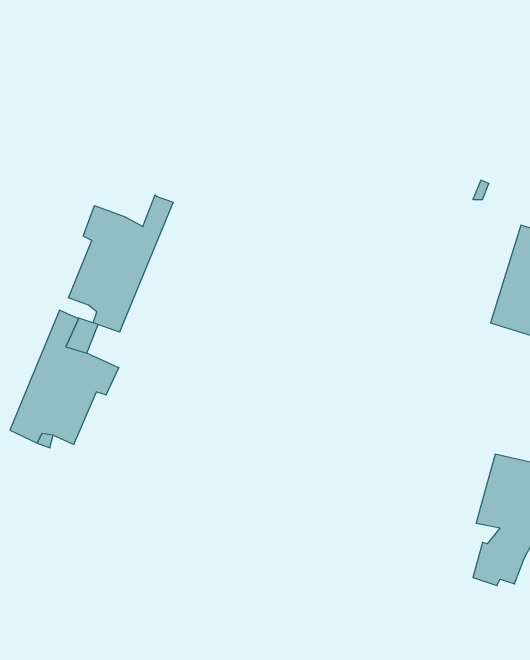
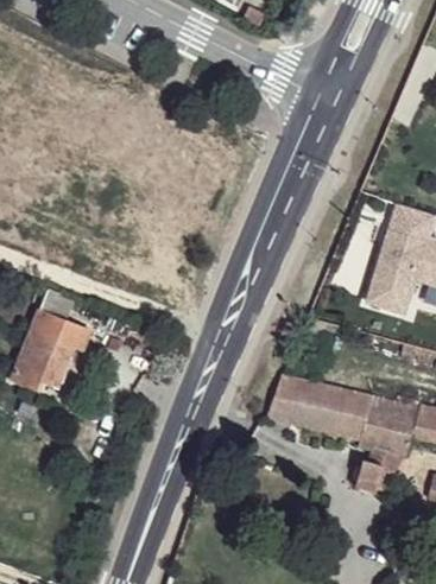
building: [68,195,173,332] -> none
building: none -> [267,375,372,438]

